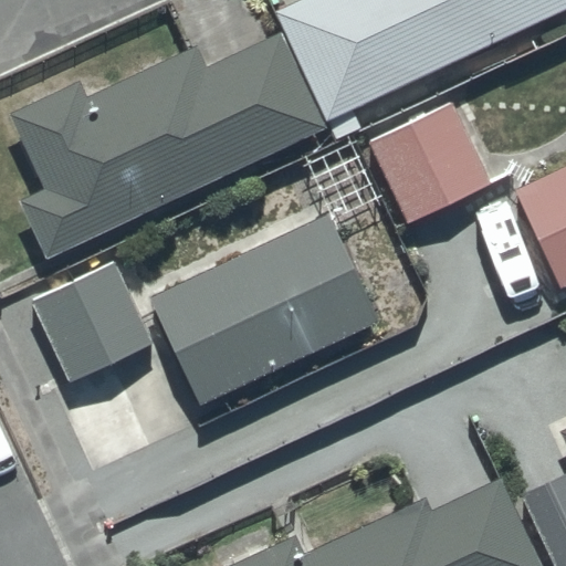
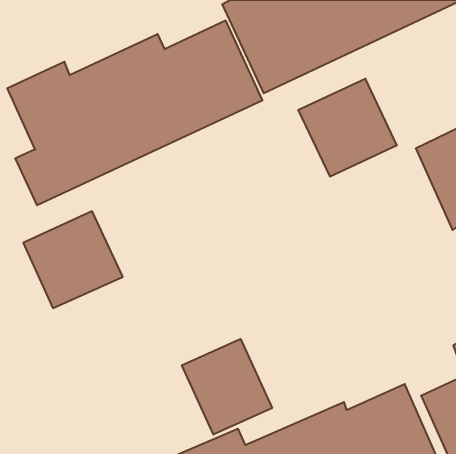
building: [151,217,376,403] -> none
building: none -> [182,339,272,435]

